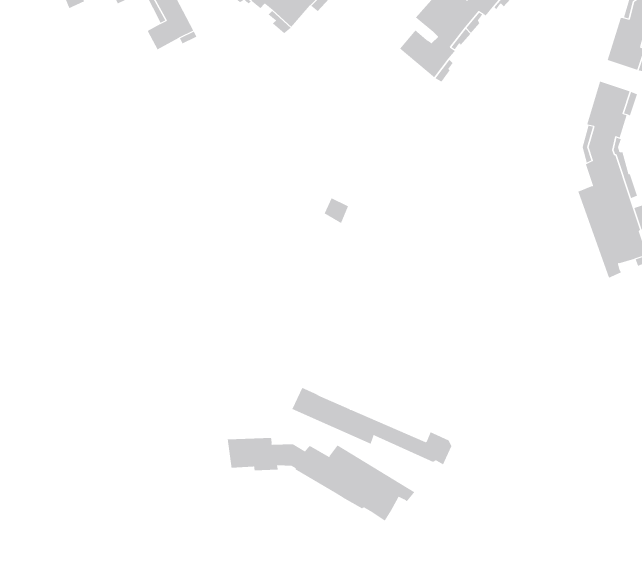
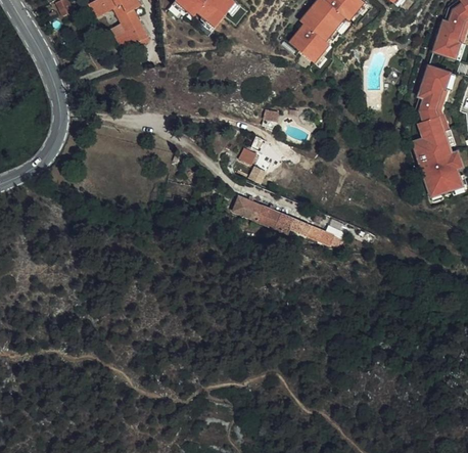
building: [291,387,452,465] -> [229,193,340,247]
building: [227,437,415,521] -> none

